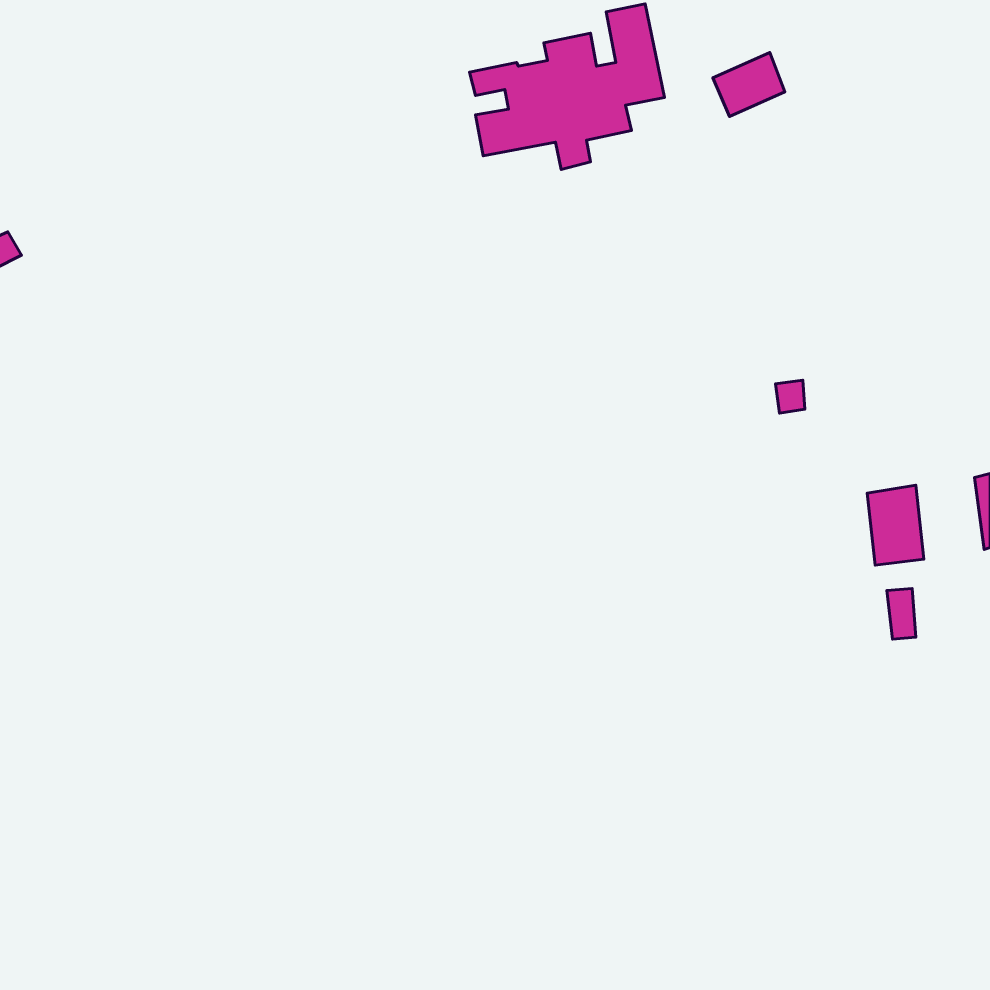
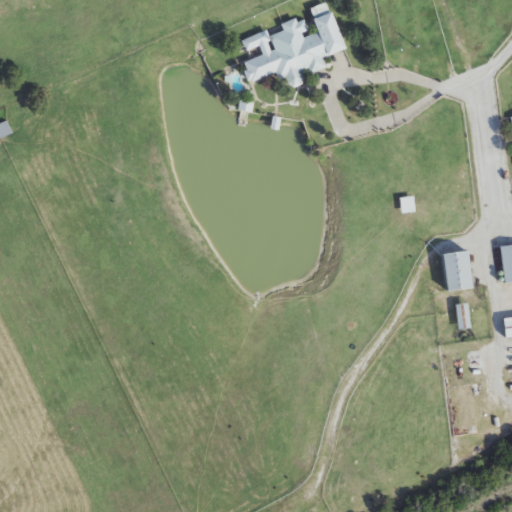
building: [713,53,785,116] -> none

